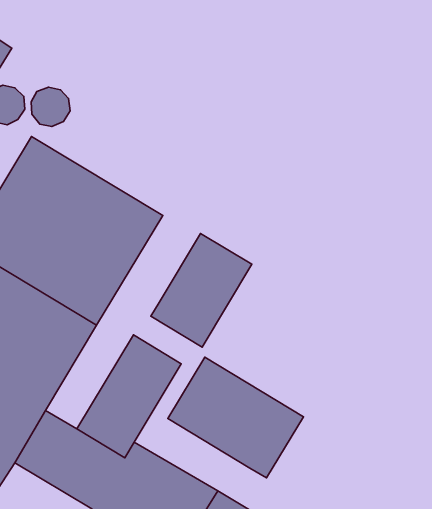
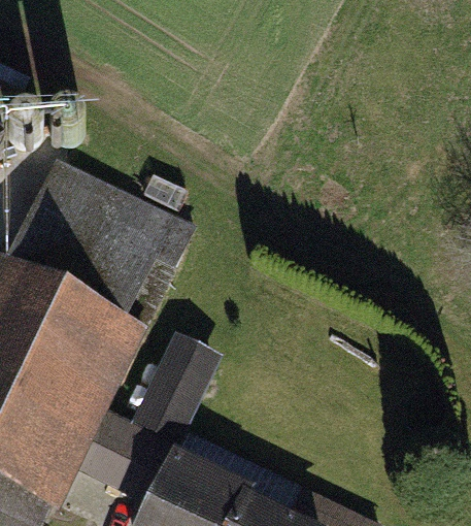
building: [151,233,252,347] -> none
building: [168,357,303,478] -> none

